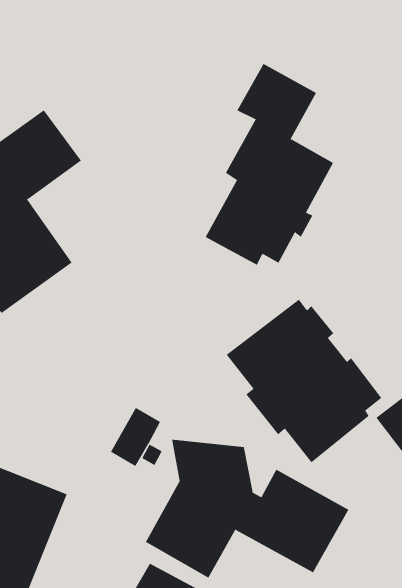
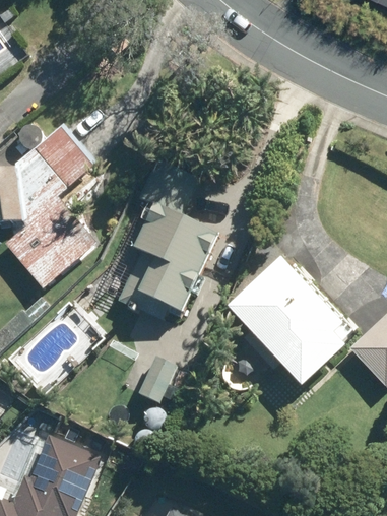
building: [205,63,334,265] -> [117,159,215,322]
building: [145,439,349,579] -> none

